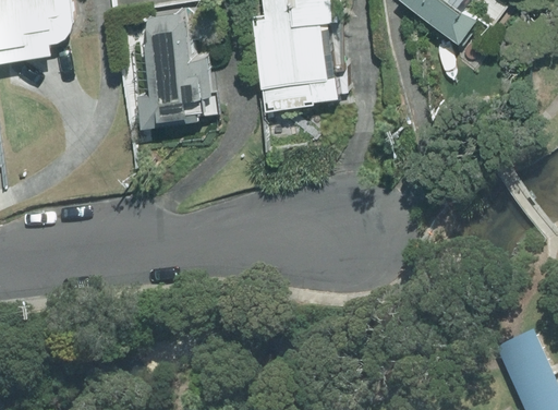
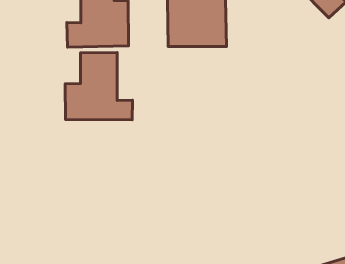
building: none -> [65,53,133,120]

